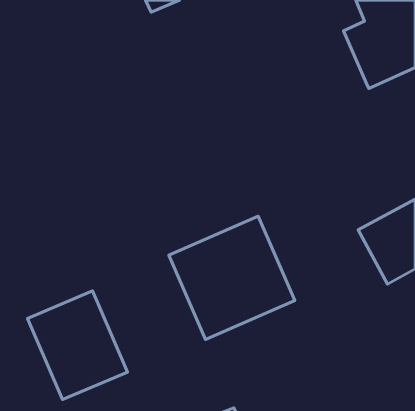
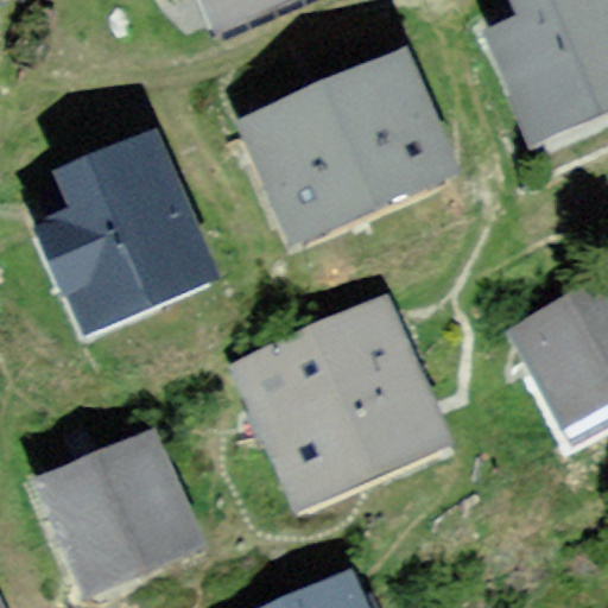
building: none -> [255,78,439,238]
building: none -> [52,158,201,329]

